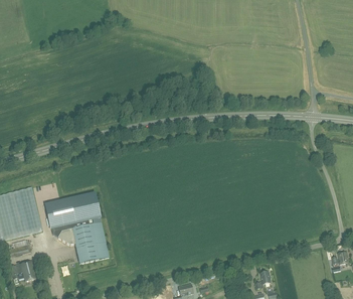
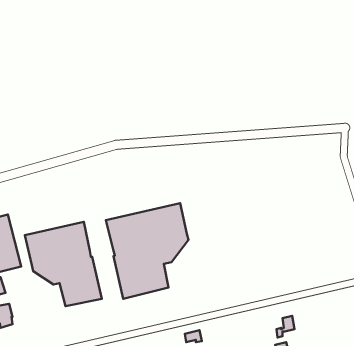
building: none -> [106,203,188,299]

